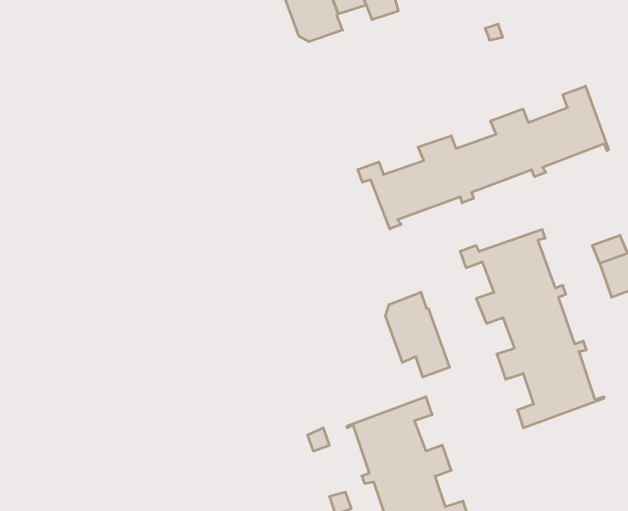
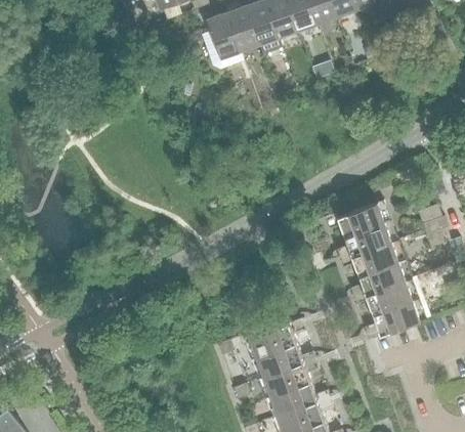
building: [358,86,609,229] -> none
building: [386,292,450,377] -> none

